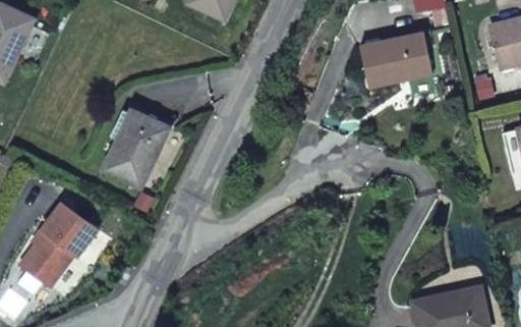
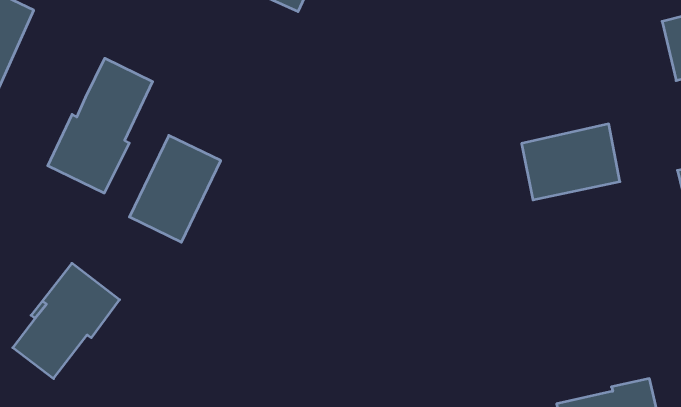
building: [360,31,431,86] -> [522,124,620,200]
building: none -> [48,58,153,193]

